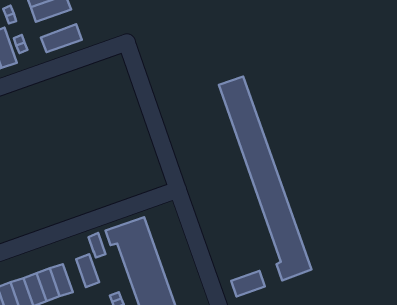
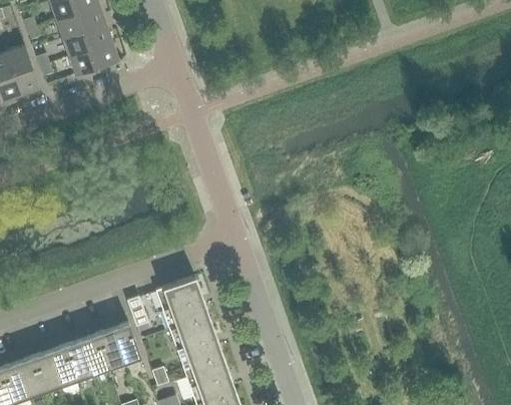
building: none -> [63,23,112,57]
building: [219,76,311,280] -> none
building: none -> [96,328,124,368]
building: [231,271,265,297] -> none

